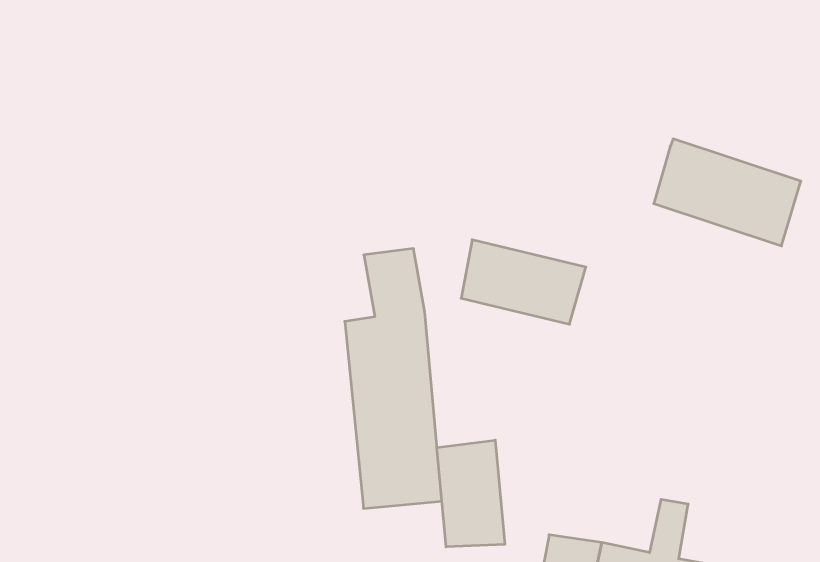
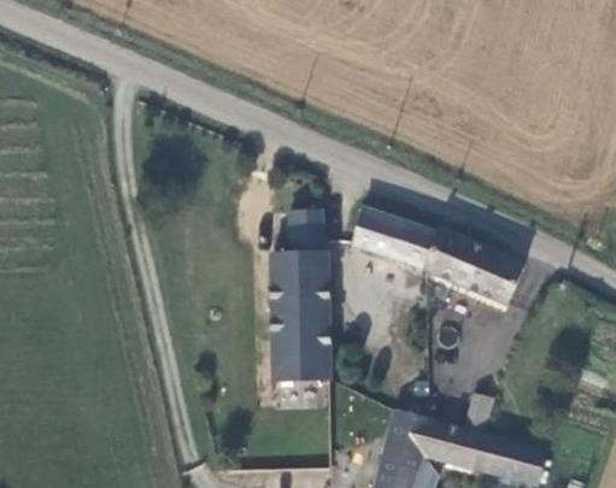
building: [654,139,801,246] -> [424,228,524,306]
building: [437,440,505,547] -> none

